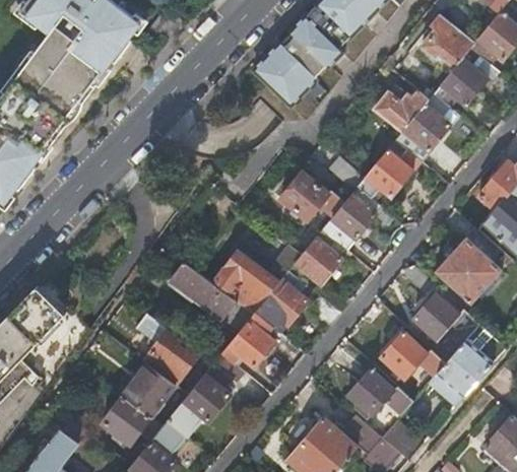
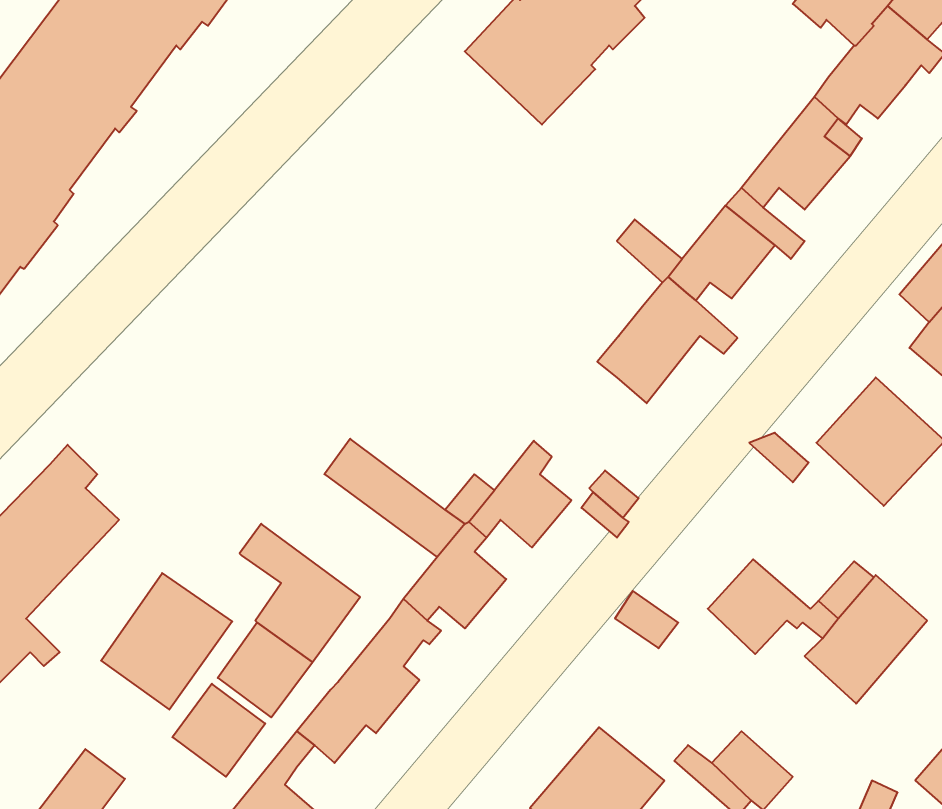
building: [376,84,429,131] -> none
building: [280,173,344,219] -> none
building: [295,230,341,285] -> none
building: [216,253,256,295] -> none
building: [410,293,477,341] -> none
building: none -> [101,573,232,710]
building: [345,368,411,416] -> none

